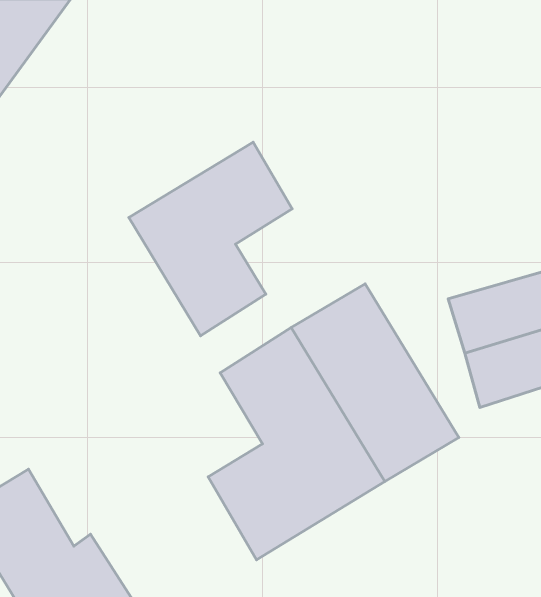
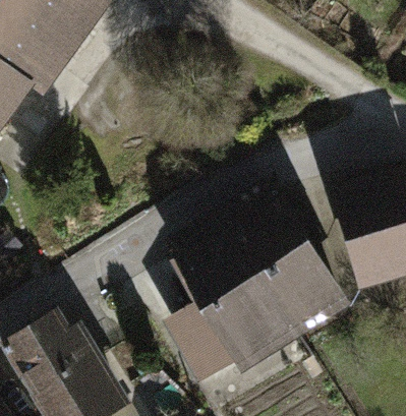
building: [129,142,292,336] -> none

